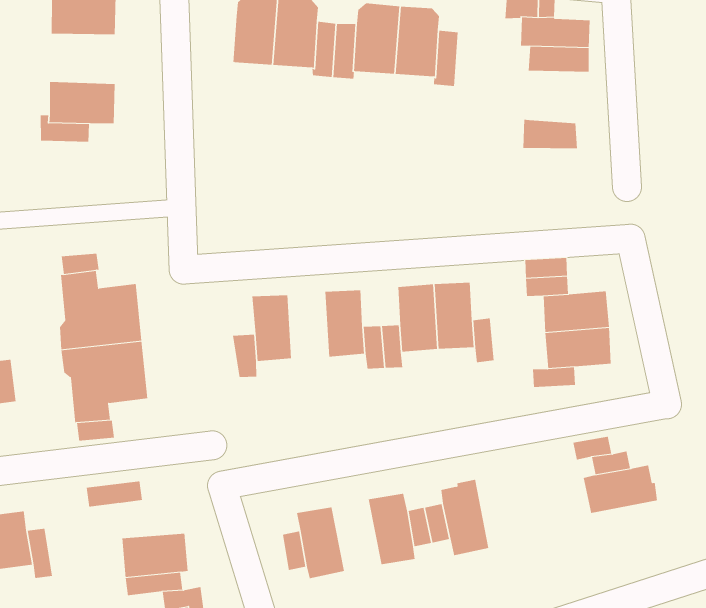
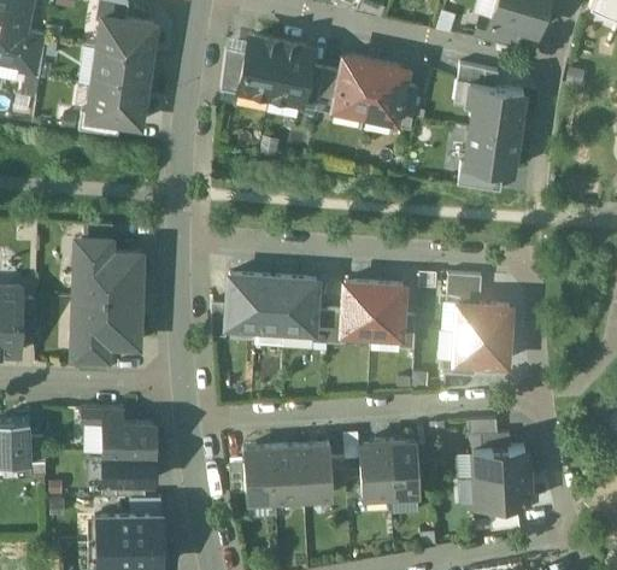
building: none -> [219,48,245,95]
building: none -> [92,48,148,94]
building: none -> [465,125,517,171]
building: none -> [254,277,287,330]
building: none -> [387,440,419,496]
building: none -> [102,424,153,454]
building: none -> [271,446,304,500]
building: none -> [474,476,529,509]

